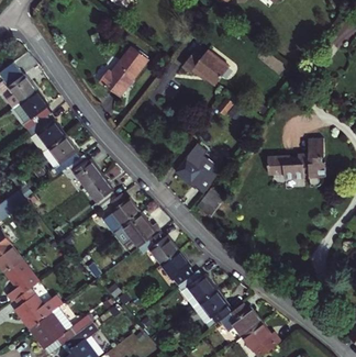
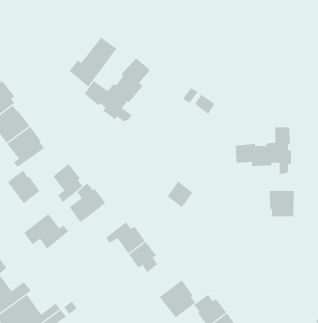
building: [191,51,226,86] -> none
building: none -> [84,58,151,122]
building: [176,144,222,194] -> none
building: [68,153,101,187] -> [7,170,40,204]
building: none -> [269,190,294,217]
building: [114,212,160,248] -> [23,213,70,249]
building: [177,270,214,308] -> none

